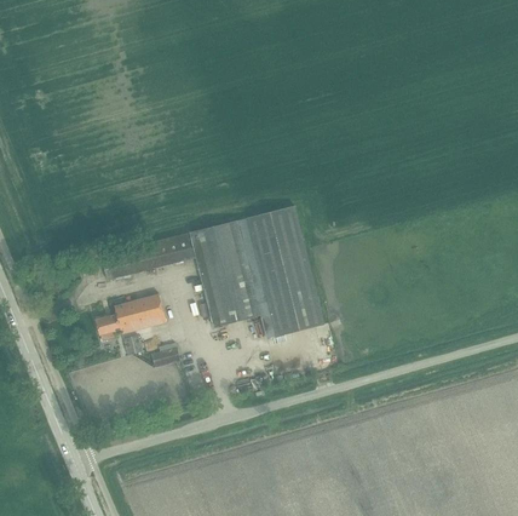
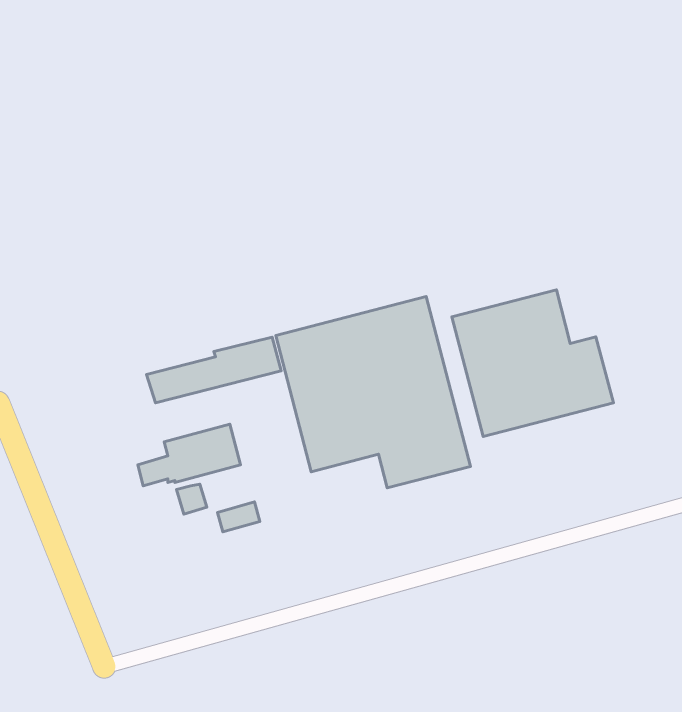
building: none -> [452,290,613,437]

